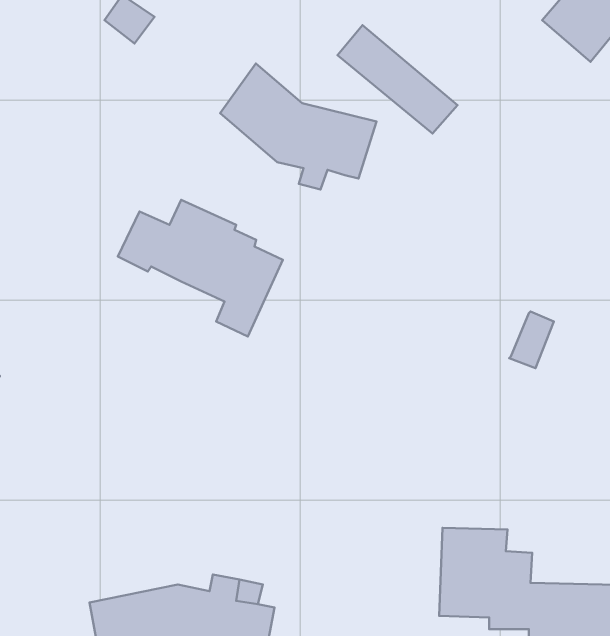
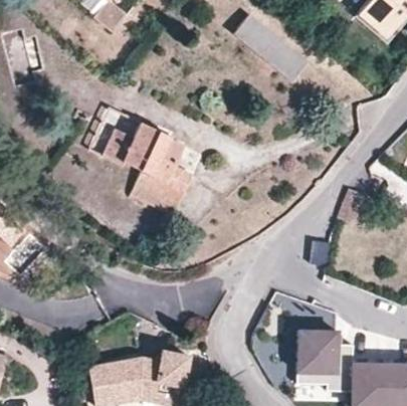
building: [220,63,377,190] -> none
building: none -> [127,175,179,219]

